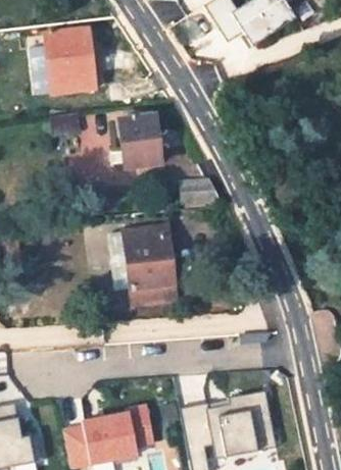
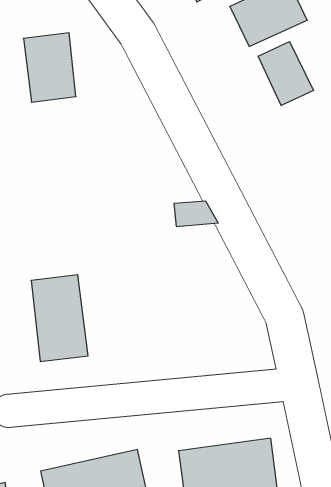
building: none -> [258,42,313,106]
building: [120,116,162,169] -> none
building: [127,227,178,305] -> [31,275,88,361]

